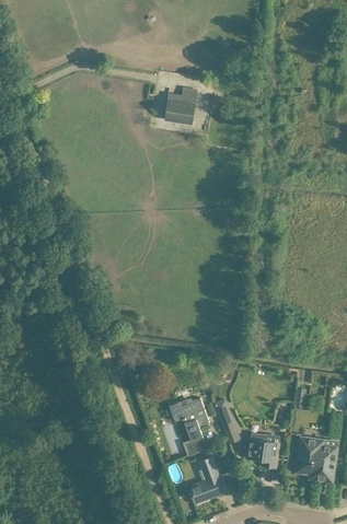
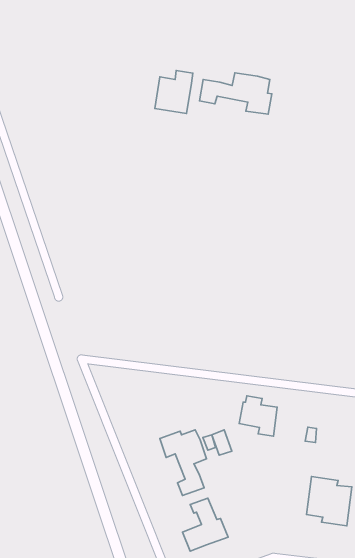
building: none -> [200,73,272,114]
building: [244,432,277,467] -> [239,396,277,436]

